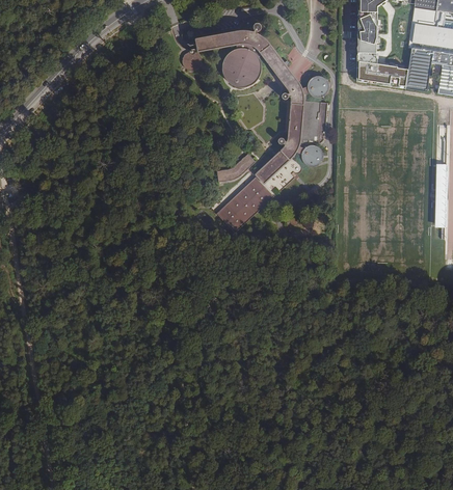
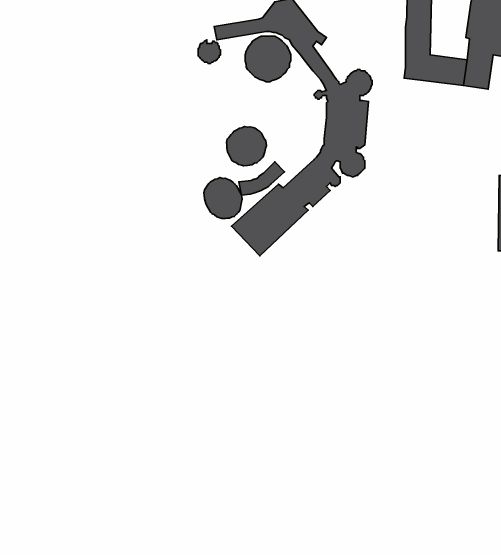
building: none -> [226,126,267,166]
building: none -> [204,177,242,219]

